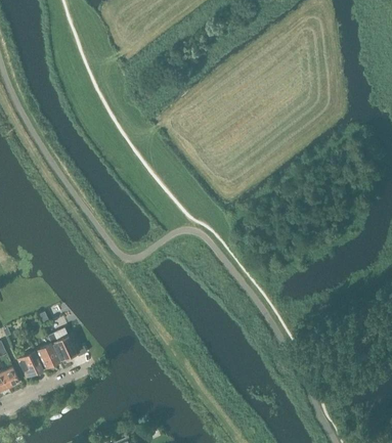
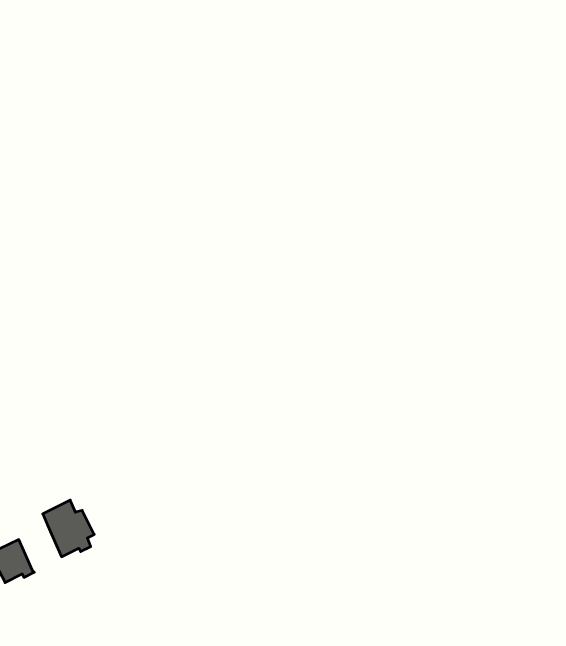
building: [34,344,60,370] -> none

